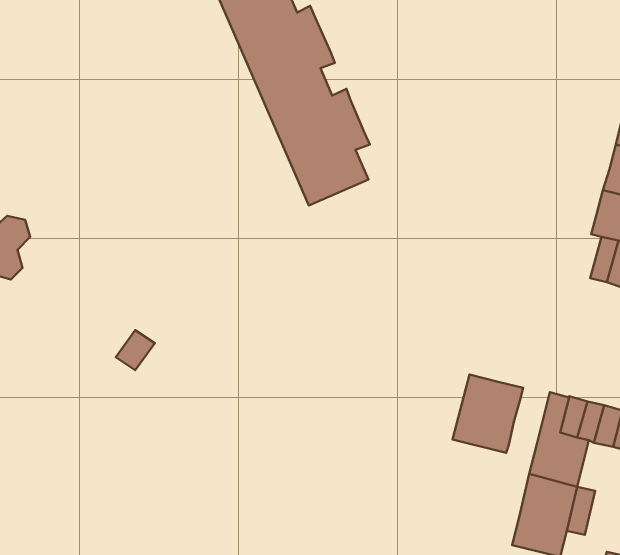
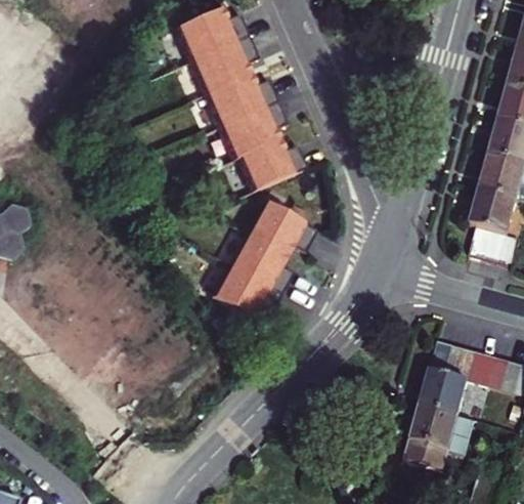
building: none -> [220,194,320,304]
building: [453,375,523,453] -> none

